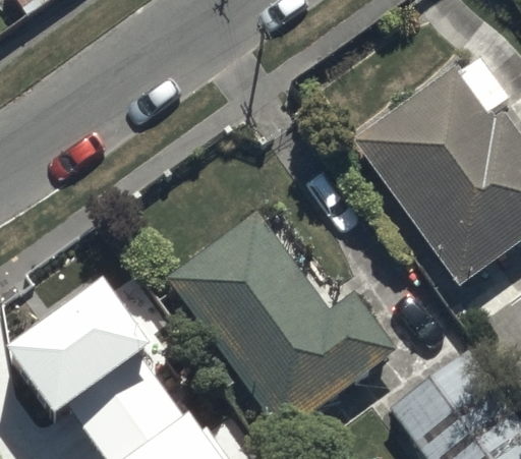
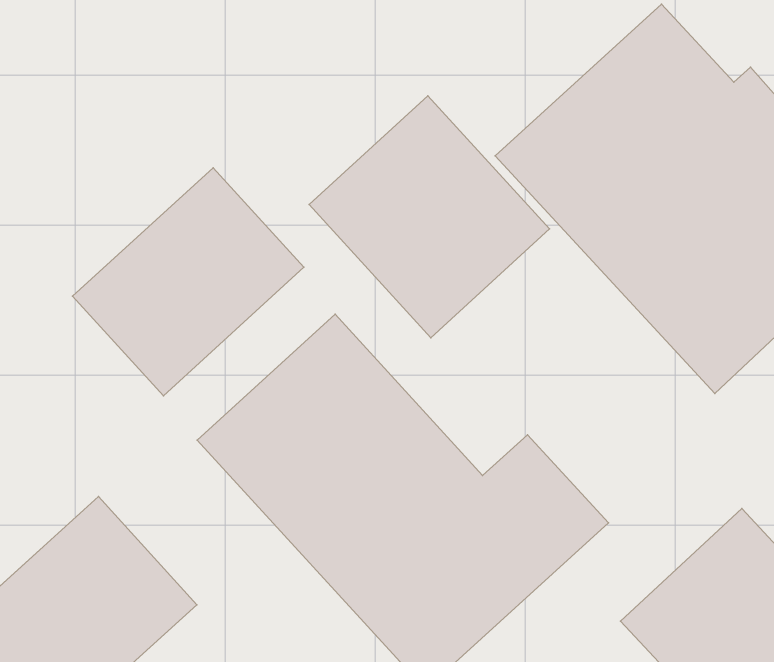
building: none -> [309,96,550,338]
building: none -> [73,168,304,396]

